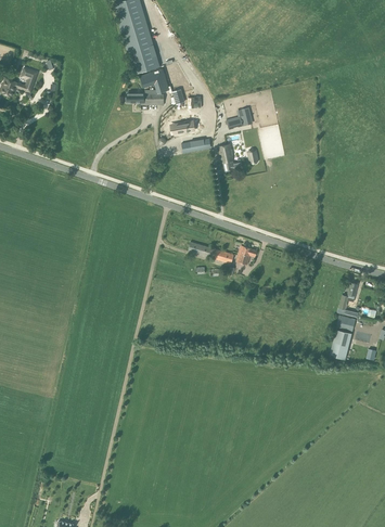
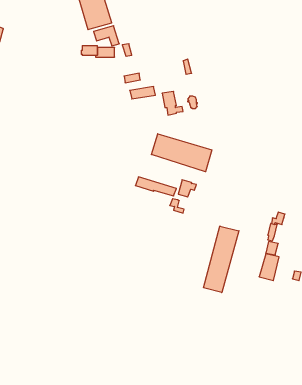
building: none -> [151,134,212,172]
building: none -> [204,226,239,293]

